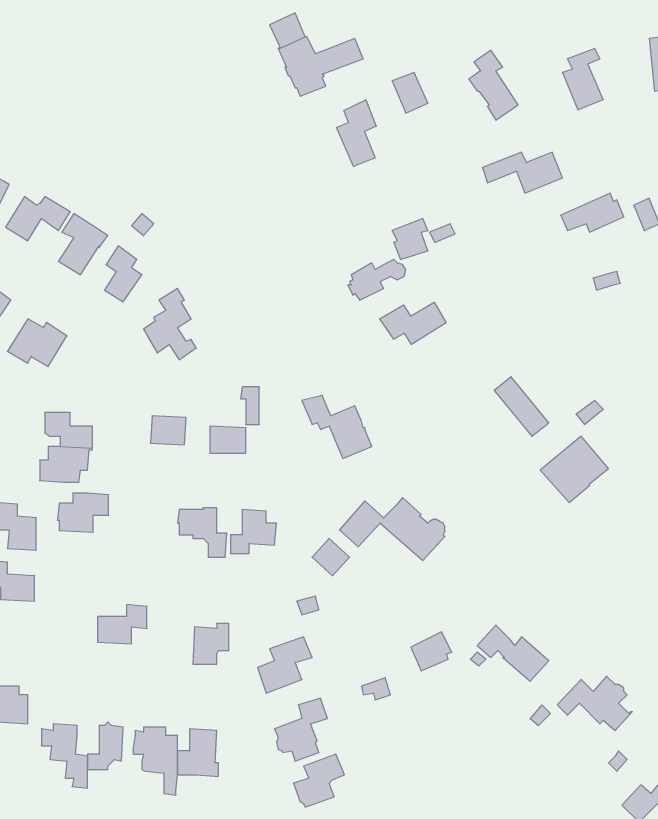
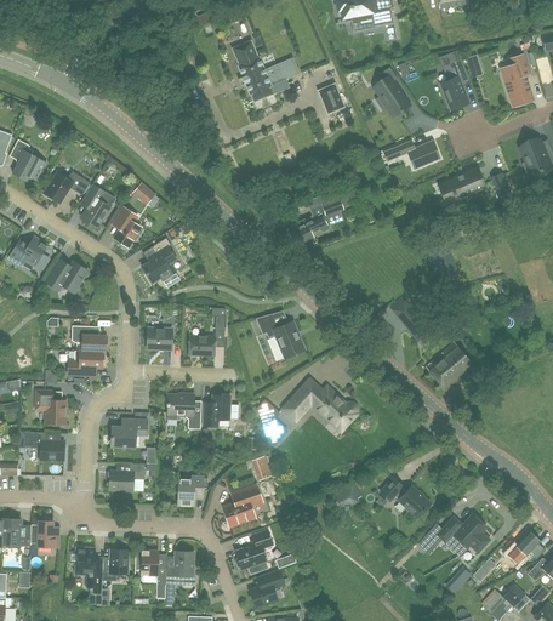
building: [336,100,376,166] -> none
building: [380,302,446,344] -> none
building: [57,493,109,532] -> [110,418,147,446]

